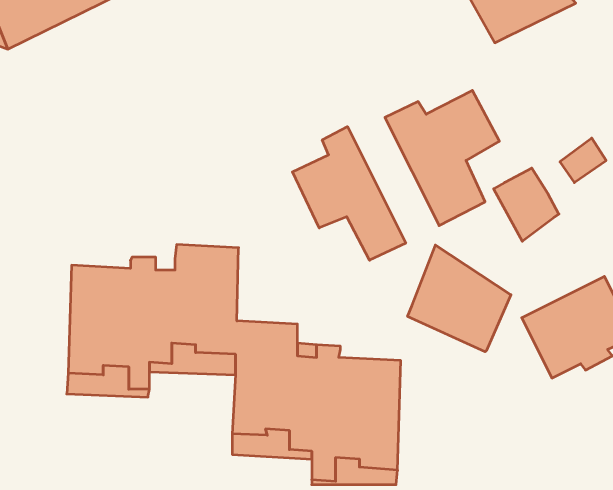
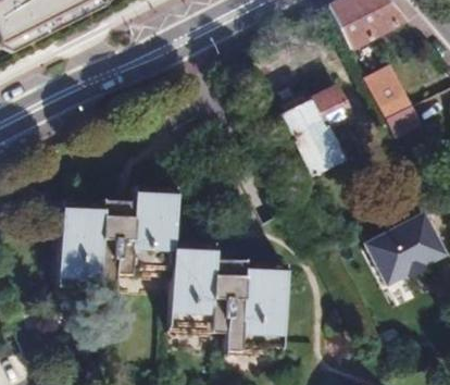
building: [292,127,406,260] -> none
building: [494,168,559,241] -> [372,78,416,128]
building: [408,245,511,352] -> none

